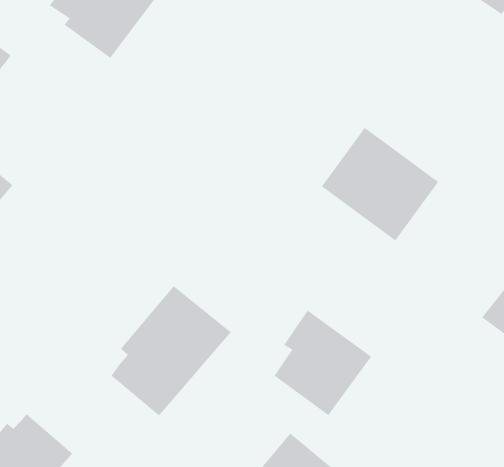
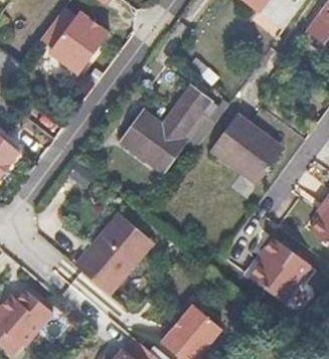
building: none -> [118,83,207,171]
building: [273,310,372,416] -> [246,239,308,306]

